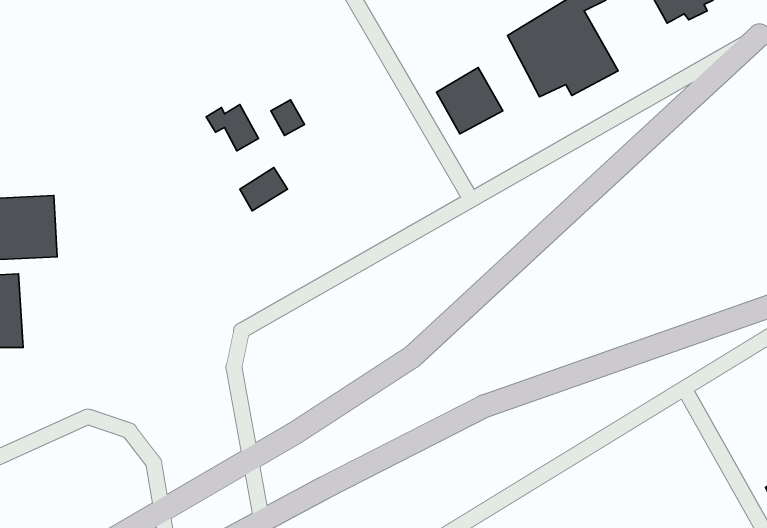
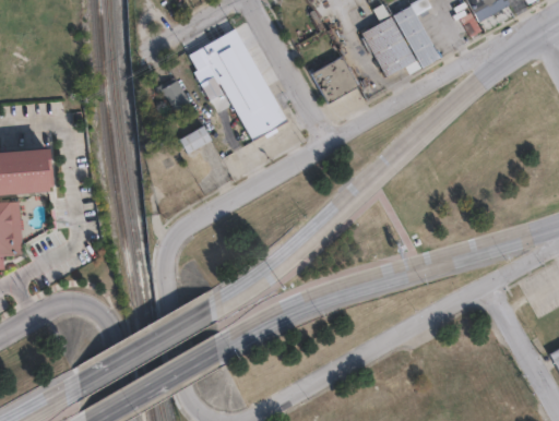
building: none -> [189,28,287,141]

